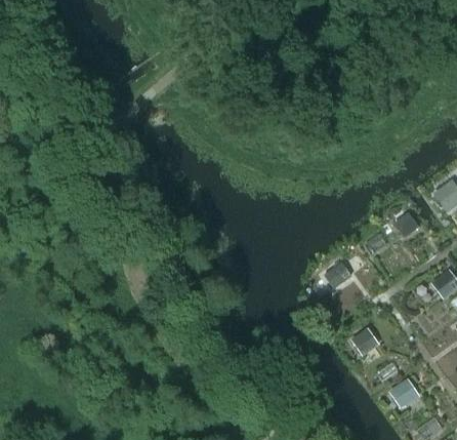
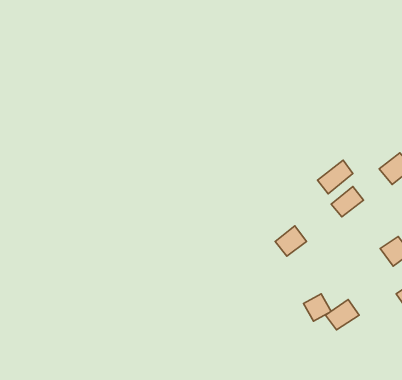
building: none -> [318,160,353,194]
building: [386,379,421,411] -> [326,299,359,330]

